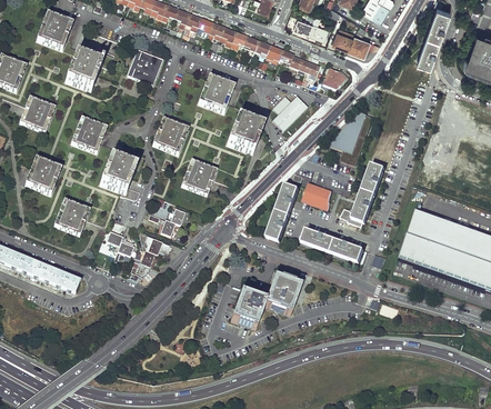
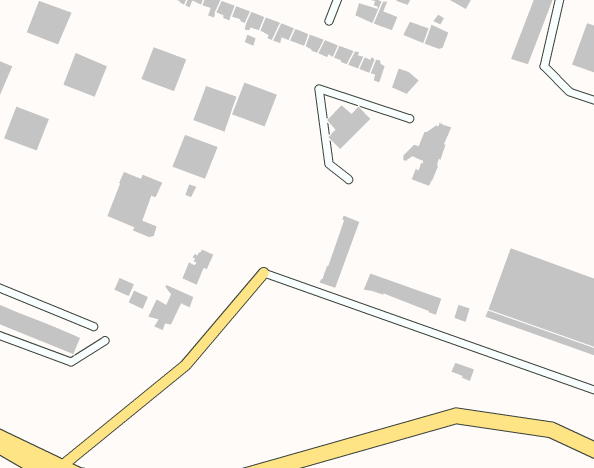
building: none -> [192,85,237,133]
building: [71,116,108,152] -> none
building: [227,119,263,154] -> none
building: [24,158,61,194] -> none
building: [180,159,217,196] -> none
building: [338,160,383,225] -> none
building: [301,180,331,206] -> none
building: [53,200,90,236] -> none
building: [229,276,299,328] -> none

